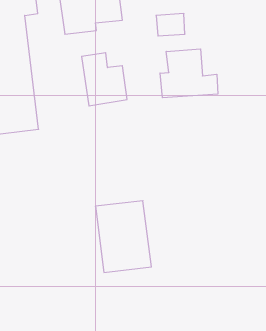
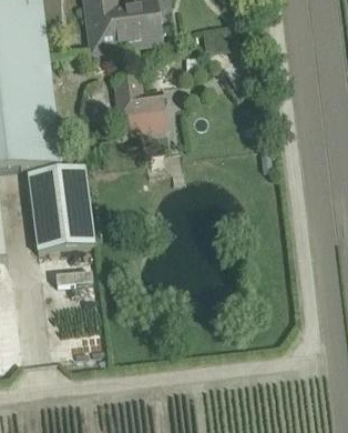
building: [160,49,218,98] -> none
building: [95,201,151,272] -> [28,162,94,248]

